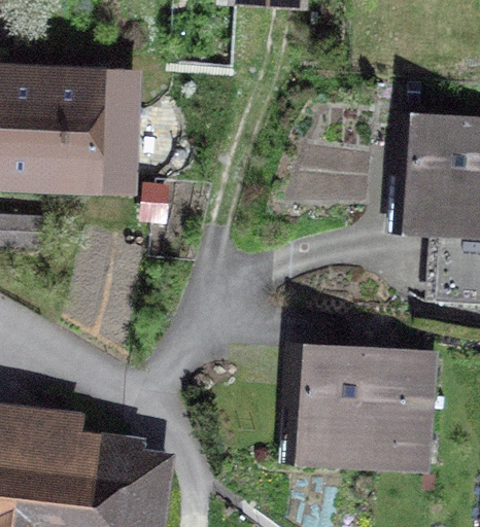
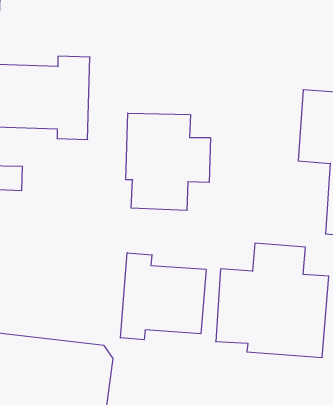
building: none -> [126,113,210,210]
building: none -> [121,253,206,340]

